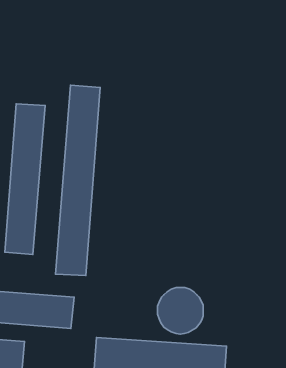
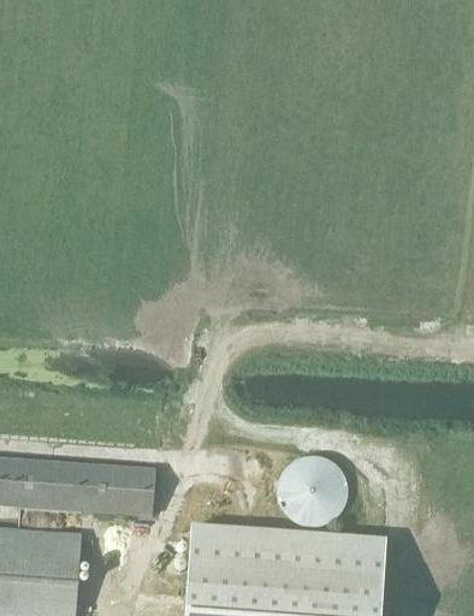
building: [55,85,100,276] -> none
building: [5,104,45,254] -> none

